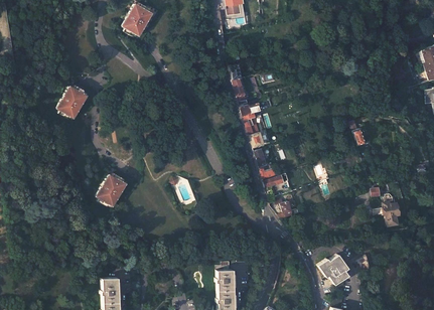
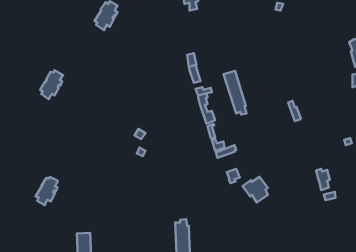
building: none -> [224,71,246,114]
building: [95,173,121,206] -> [35,177,57,205]
building: [318,255,348,285] -> [242,177,268,202]

